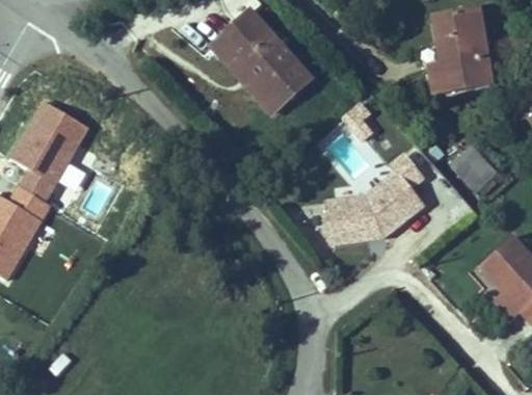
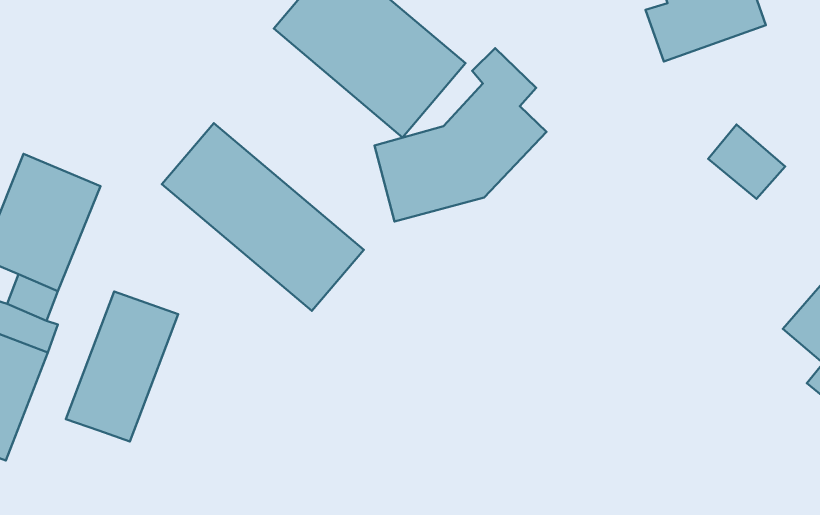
building: none -> [162,123,364,311]
building: [324,151,427,244] -> [374,48,546,222]
building: none -> [66,291,178,442]

